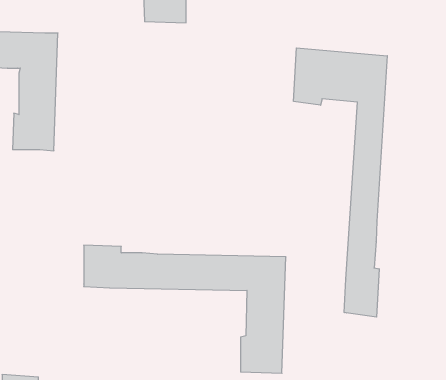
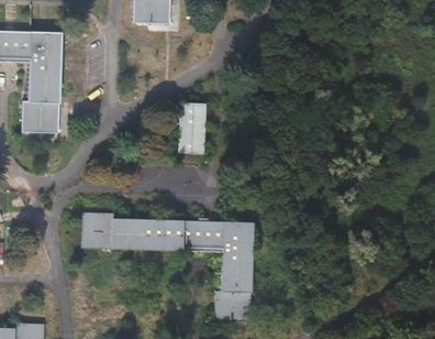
building: [294,48,387,317] -> none
building: none -> [175,101,205,152]

